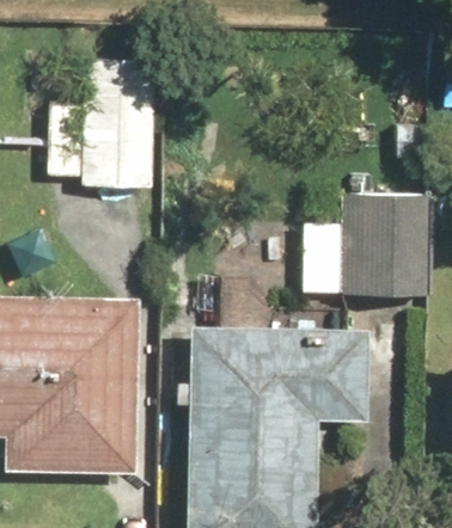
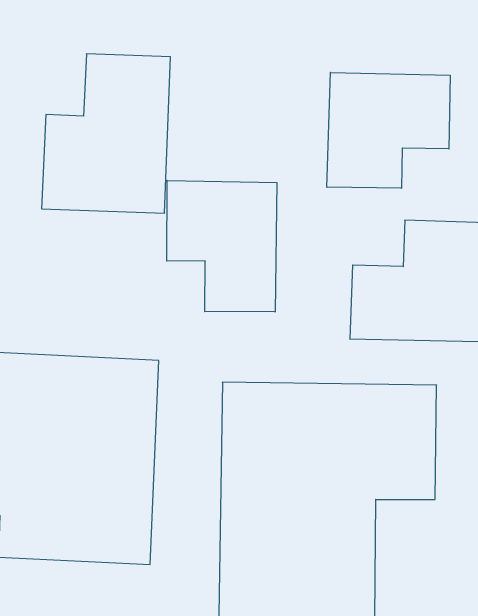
building: none -> [327,72,450,188]
building: none -> [167,180,277,312]

